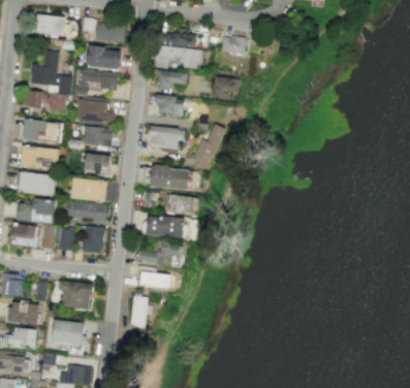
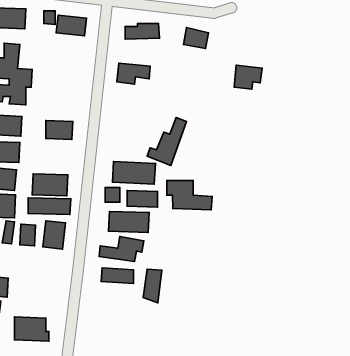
building: [155,43,202,70] -> none
building: [88,46,121,68] -> none
building: [75,69,118,95] -> none
building: [212,75,240,99] -> [234,65,262,89]
building: [155,95,183,115] -> none
building: [77,99,112,123] -> none
building: [149,125,185,150] -> none
building: [85,152,111,173] -> none
building: none -> [167,180,212,210]
building: [59,281,92,309] -> none
building: [131,296,150,329] -> [143,269,162,303]

